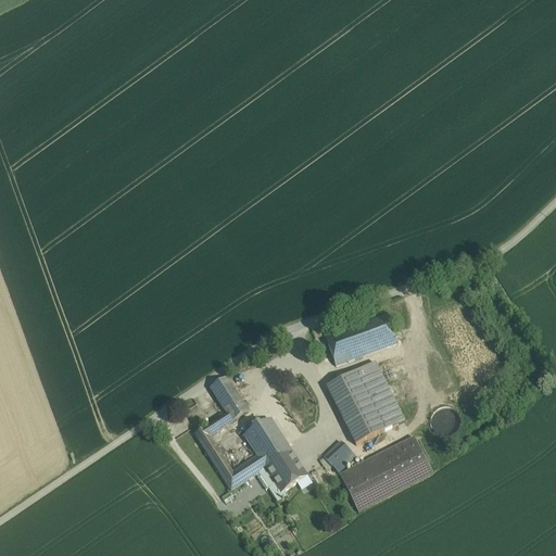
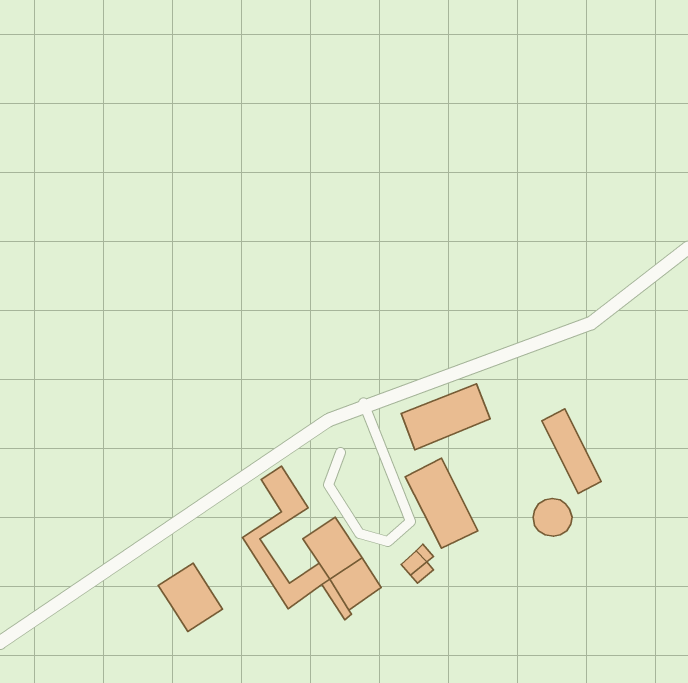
building: [356,359,404,428] -> [542,409,601,494]
building: [340,434,433,509] -> none
building: none -> [158,563,223,631]

